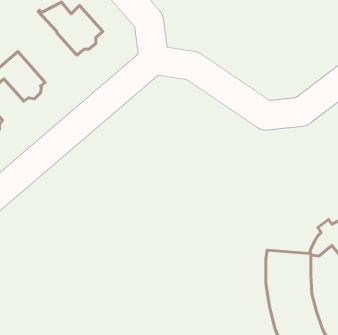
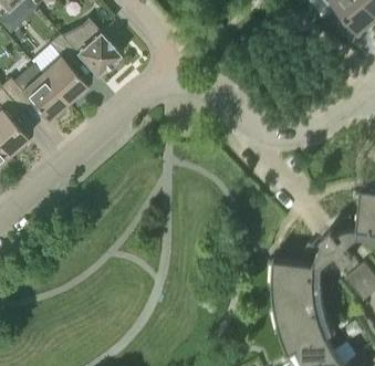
building: none -> [41,33,86,102]

